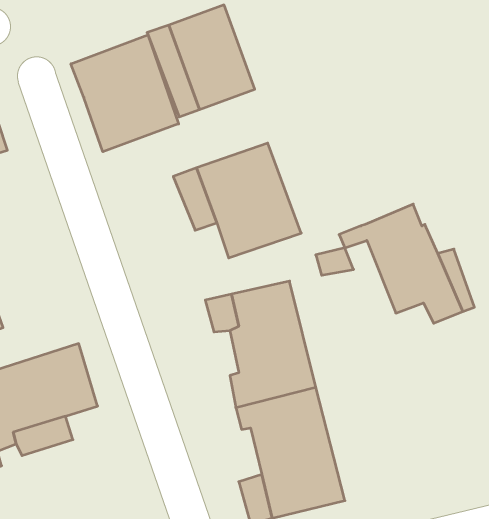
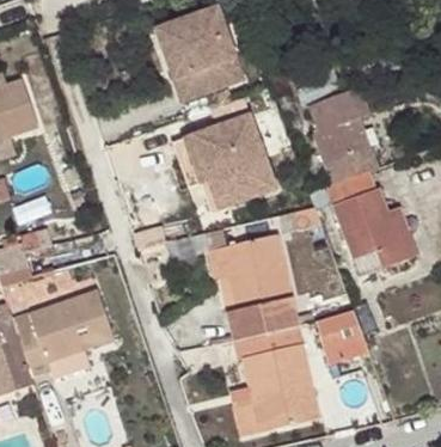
building: [71,35,179,152] -> none
building: none -> [312,85,381,186]
building: none -> [311,306,368,360]

